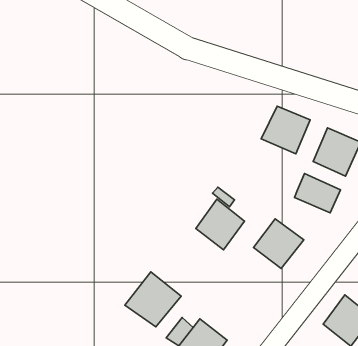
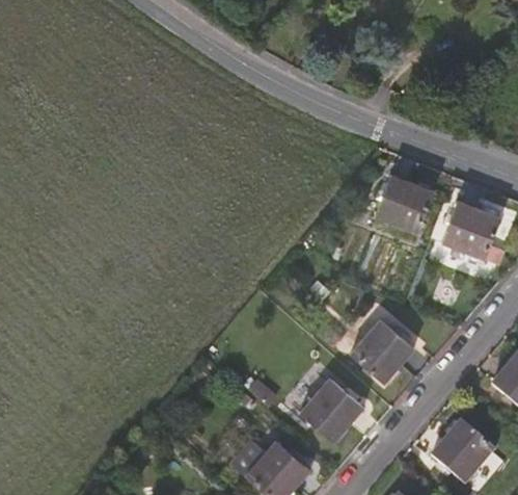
building: [294,174,341,213] -> none
building: [196,199,245,250] -> [300,376,363,442]
building: [125,272,181,327] -> none

